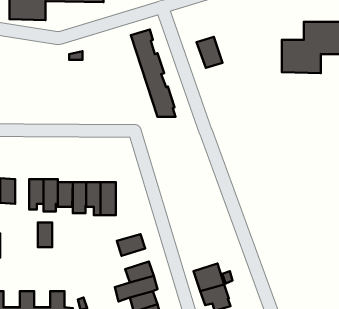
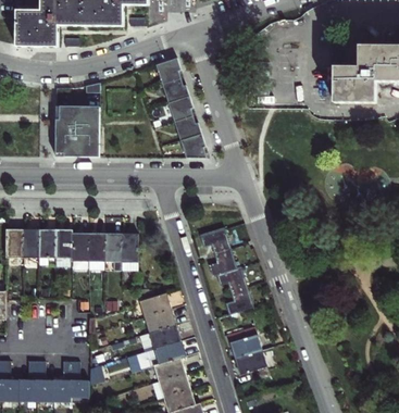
building: [197,37,222,68] -> none
building: none -> [55,107,99,157]
building: none -> [200,226,253,314]
building: [38,223,52,247] -> [23,229,39,258]
building: none -> [145,309,176,333]

